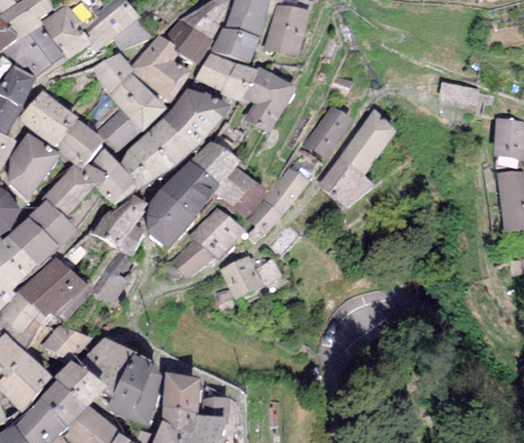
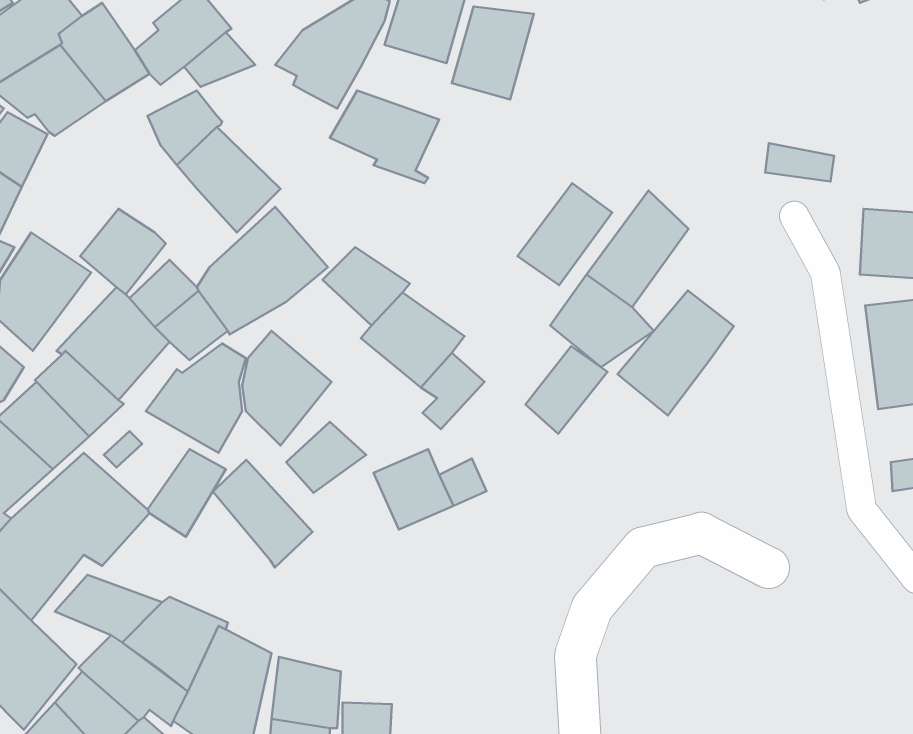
building: [210,27,259,65] -> none
building: [130,35,190,104] -> none
building: [242,66,295,132] -> none
building: [163,88,230,152] -> none
building: [17,89,78,146] -> none
building: [95,109,142,152] -> none
building: [161,159,217,216] -> none
building: none -> [617,290,734,416]
building: [263,167,309,216] -> [526,346,608,434]
building: [189,207,245,260] -> none
building: none -> [213,460,313,567]

